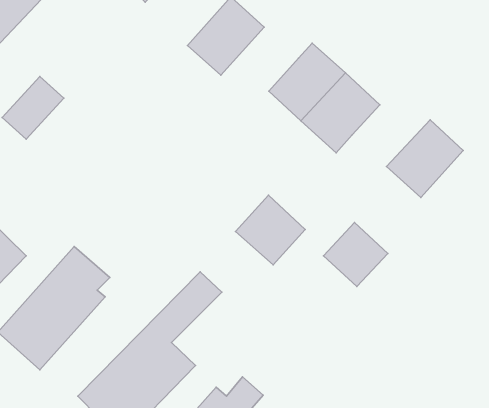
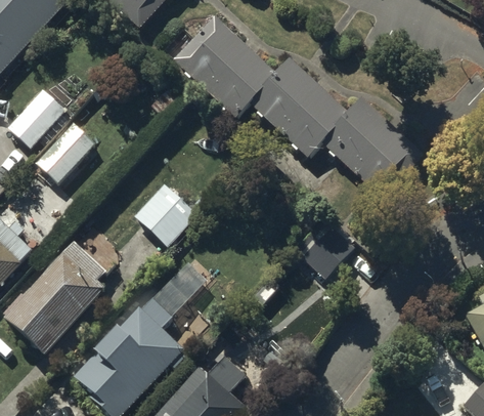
building: none -> [205,45,274,116]
building: none -> [322,99,392,170]
building: none -> [38,125,94,183]
building: [235,195,305,265] -> [135,183,197,246]

